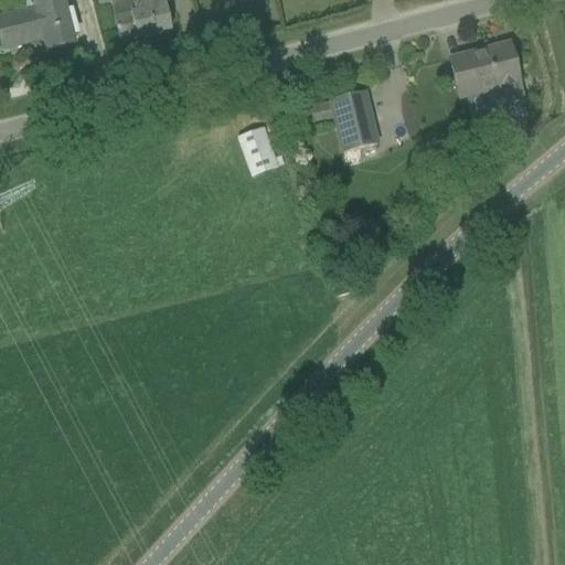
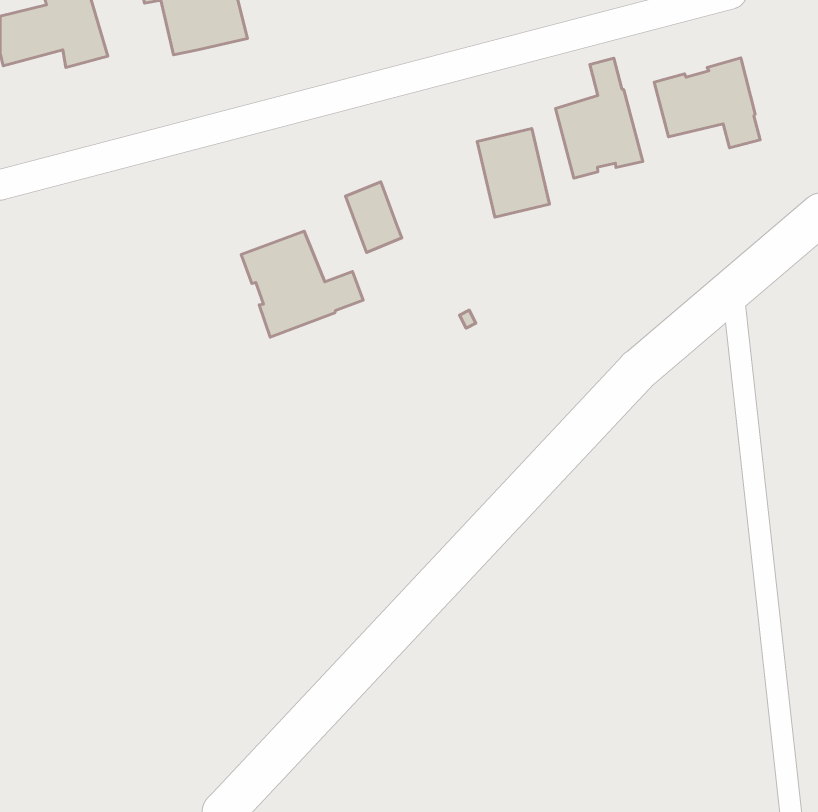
building: none -> [556,58,643,178]
building: none -> [241,231,363,337]

